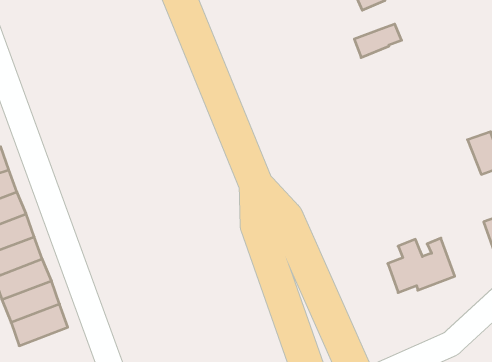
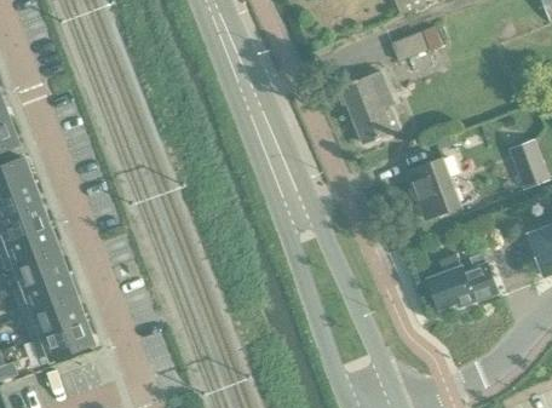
building: none -> [341,69,396,142]
building: none -> [408,155,461,217]

